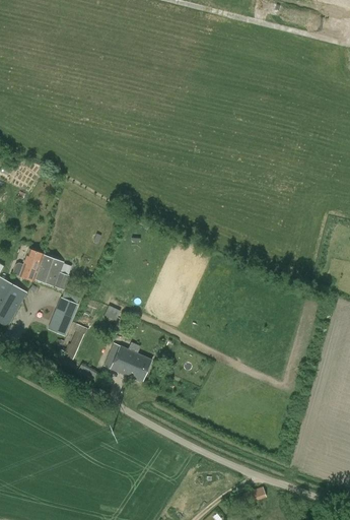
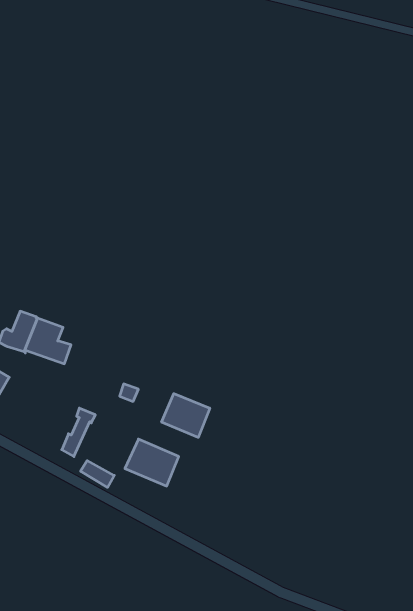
building: [51,298,80,335] -> none
building: none -> [162,394,210,437]

